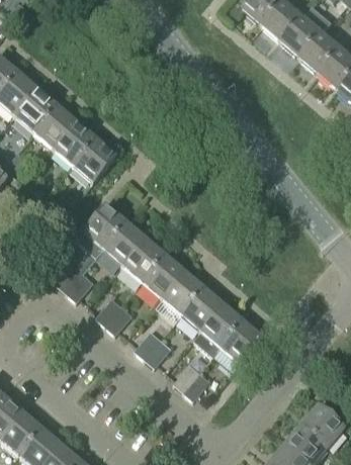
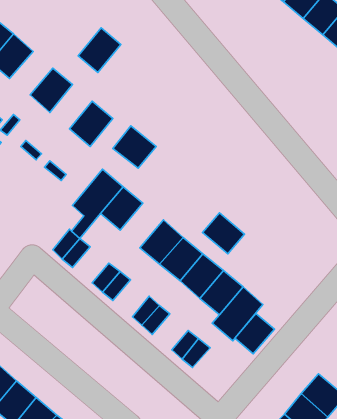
building: [14,90,57,132] -> none
building: [54,122,95,166] -> [78,28,121,72]
building: none -> [113,126,156,168]
building: [122,239,165,282] -> none
building: none -> [203,213,244,254]
building: none -> [235,313,274,354]

